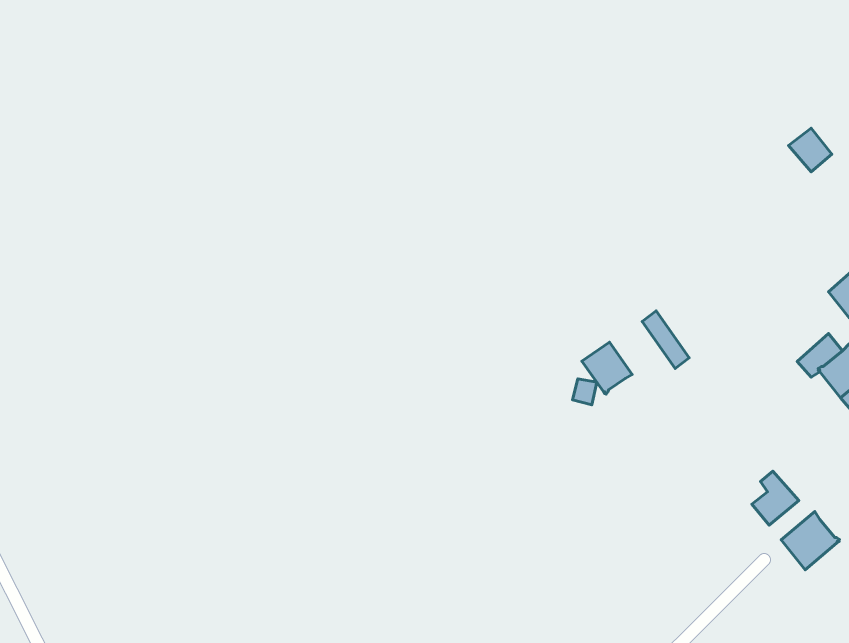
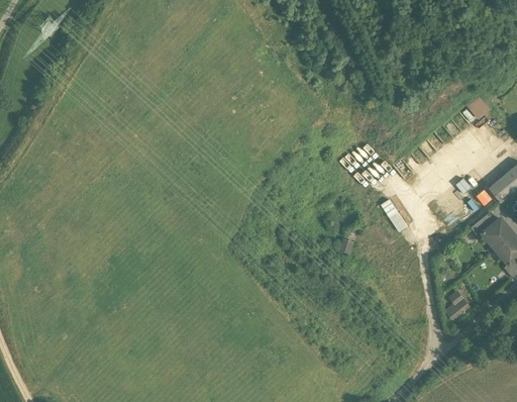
building: [582,342,632,394] -> none
building: [781,512,840,570] -> none

